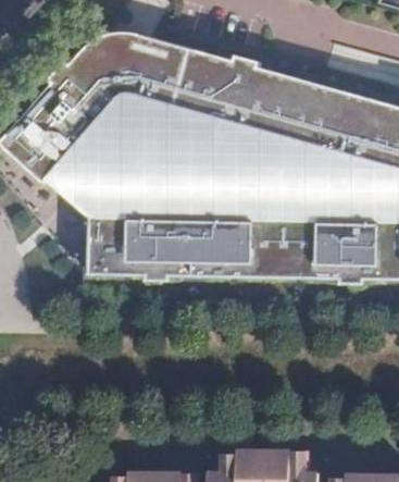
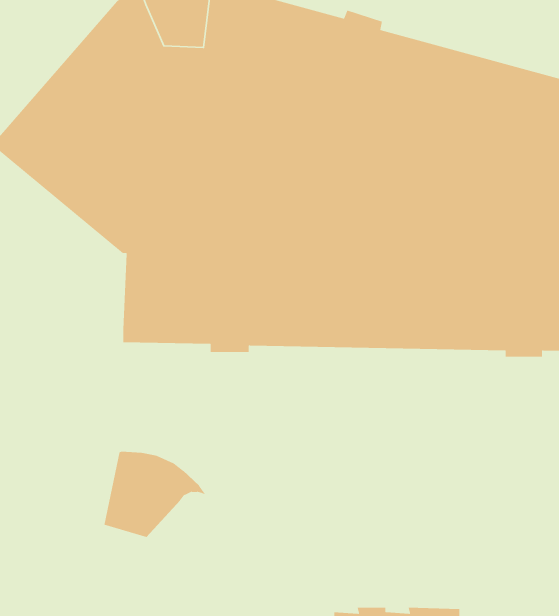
building: none -> [104,451,210,538]

